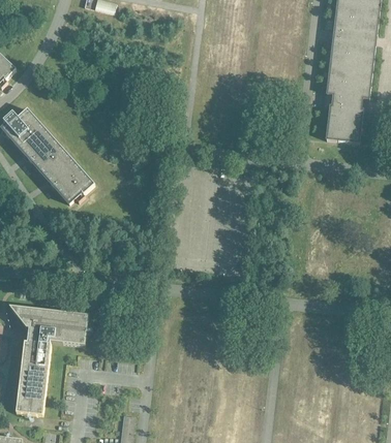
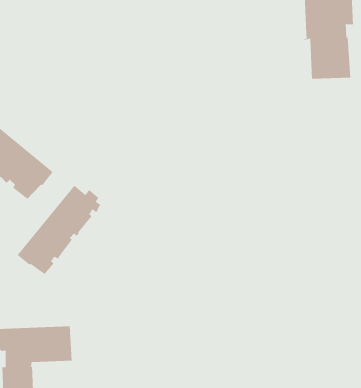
building: none -> [17,185,101,275]

